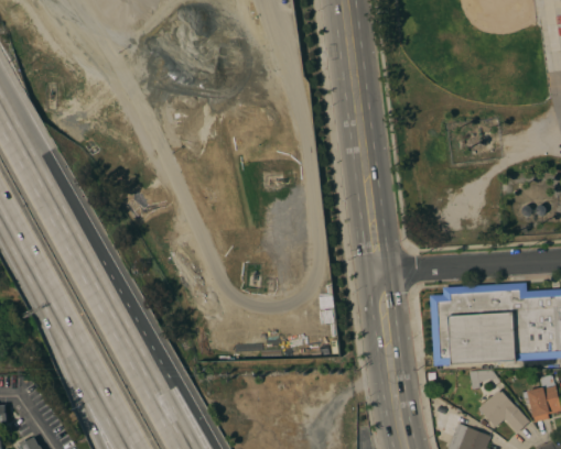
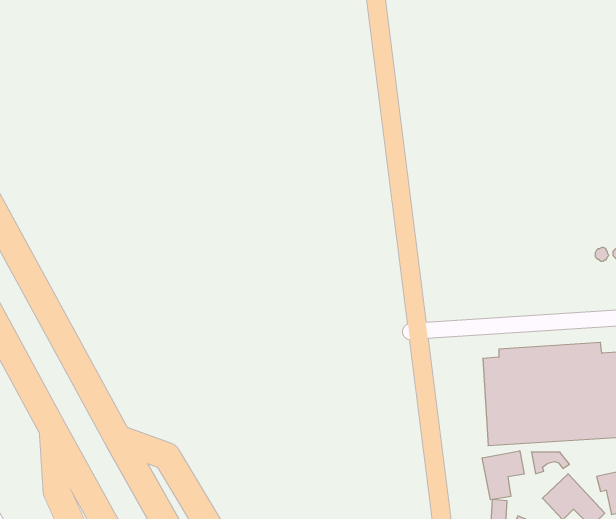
building: none -> [482,451,524,500]

